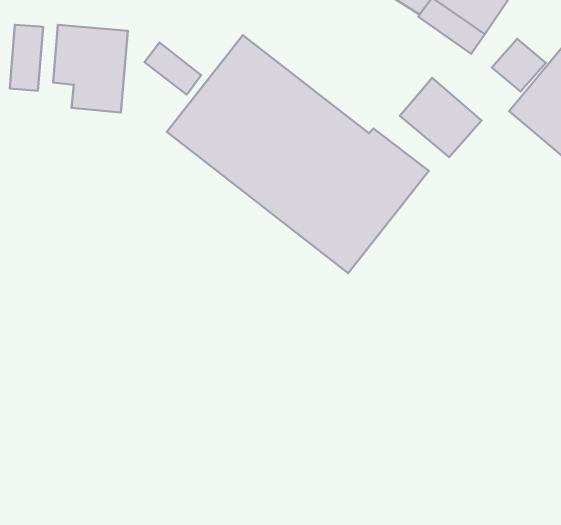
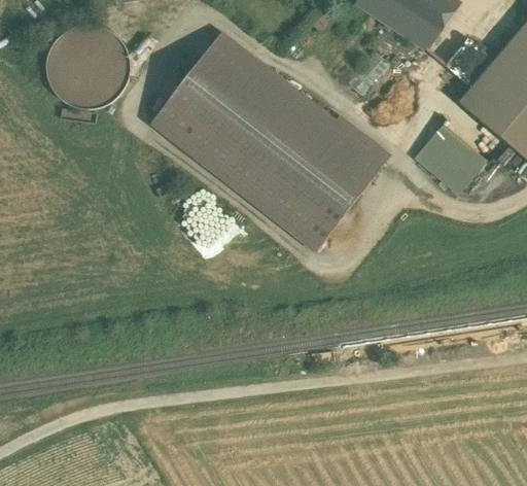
building: [10,25,43,91] -> none
building: [145,43,201,95] -> none
building: [400,78,481,157] -> [414,123,487,194]

